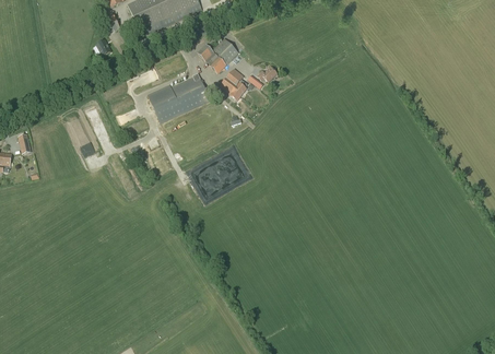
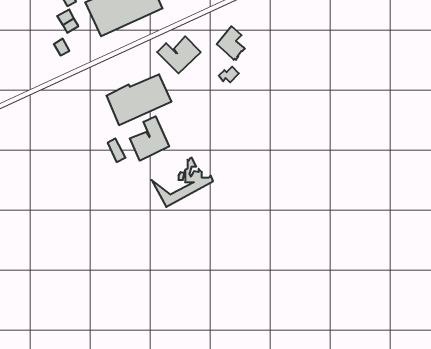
building: [220,67,247,99] -> [217,26,245,60]
building: none -> [130,116,169,161]

